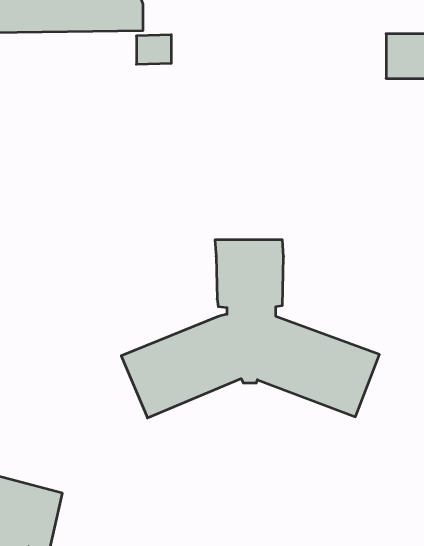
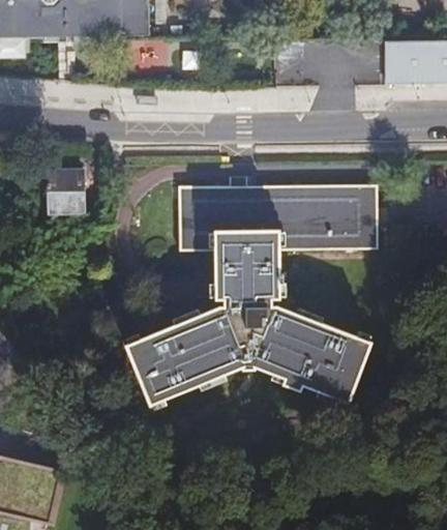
building: none -> [48,169,84,210]
building: none -> [181,189,380,251]

